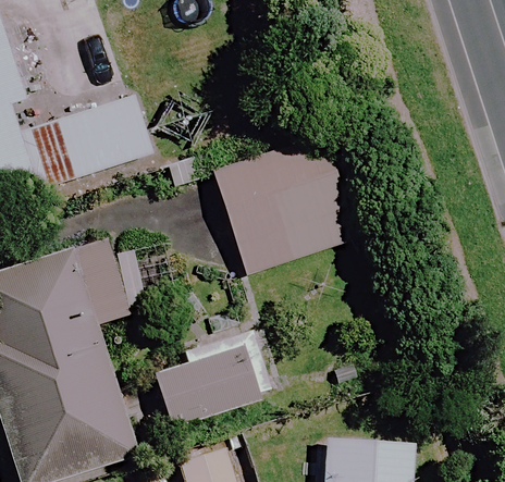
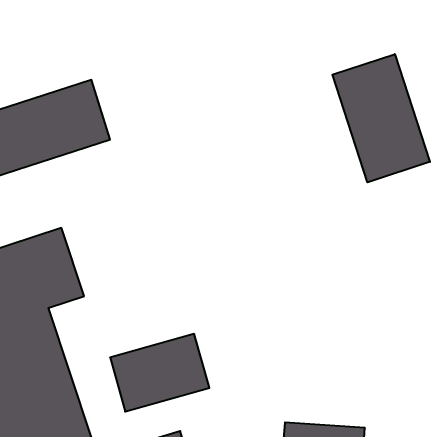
building: none -> [332,54,430,182]
building: [214,134,358,273] -> none

